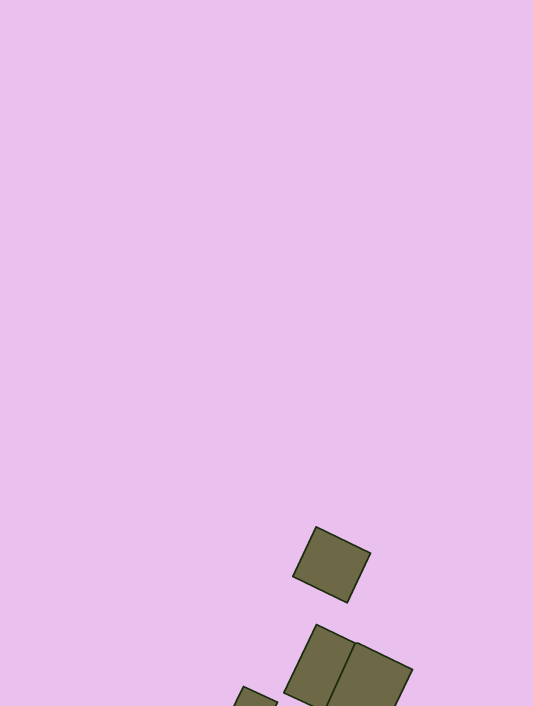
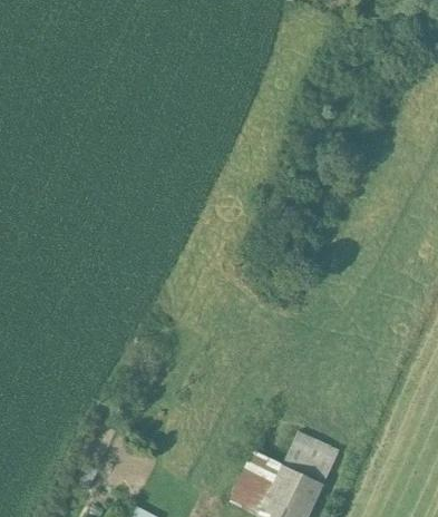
building: [293,527,370,603] -> [283,432,339,487]

